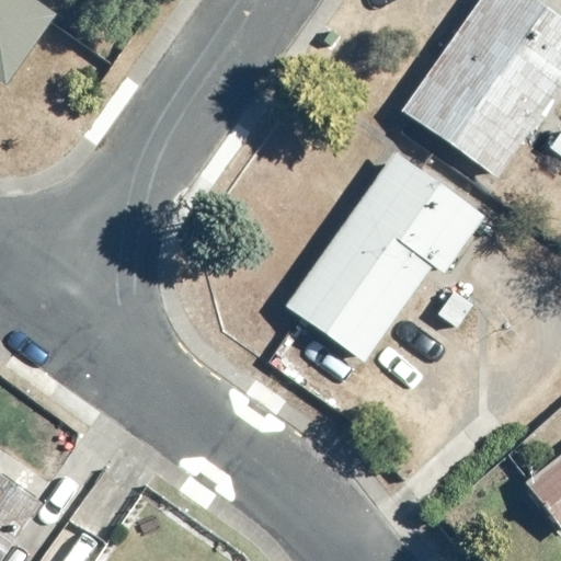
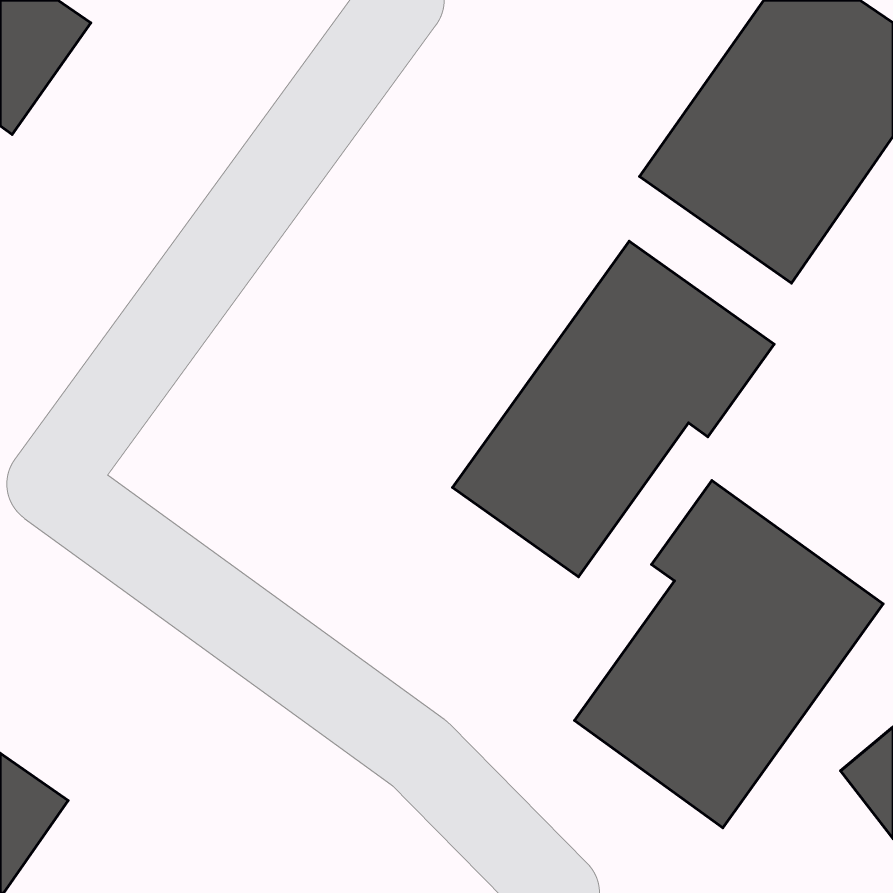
building: none -> [574,480,883,828]

